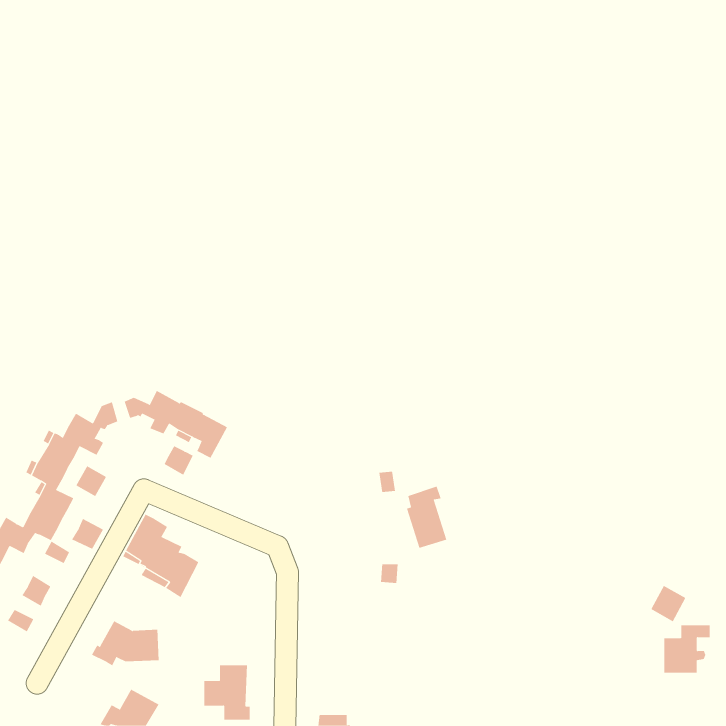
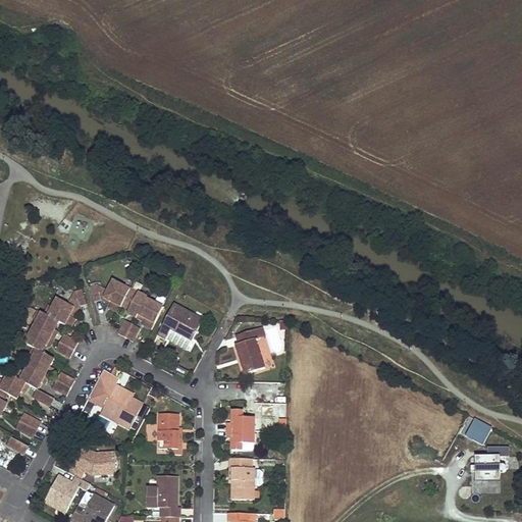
building: none -> [158,303,203,336]
building: [406,486,447,548] -> [236,327,265,372]
building: none -> [227,409,255,450]
building: none -> [158,413,181,448]
building: none -> [229,457,254,499]
building: none -> [45,474,91,510]

